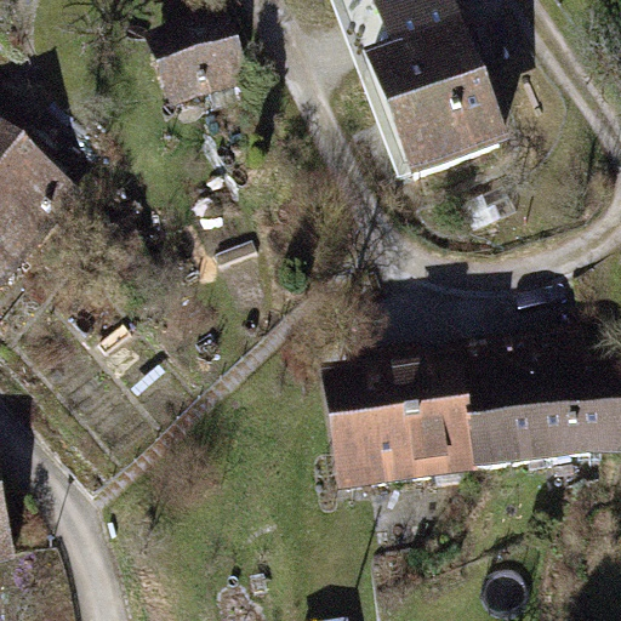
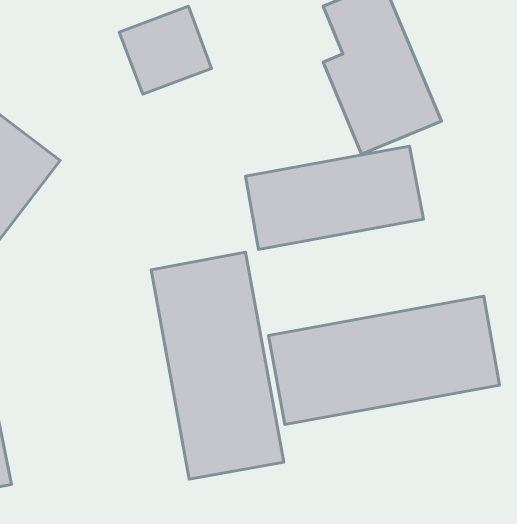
building: none -> [245,146,423,249]
building: none -> [151,252,284,479]

